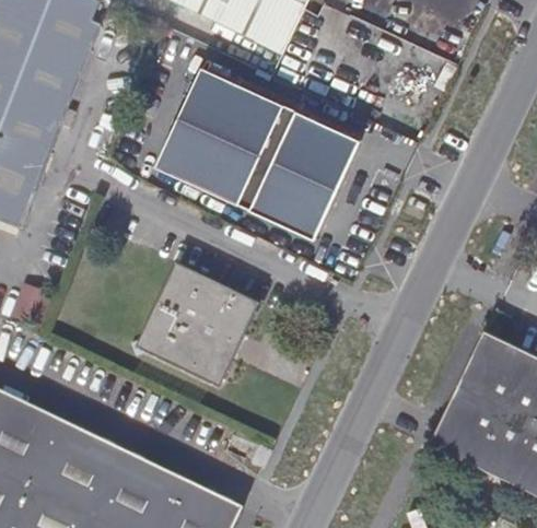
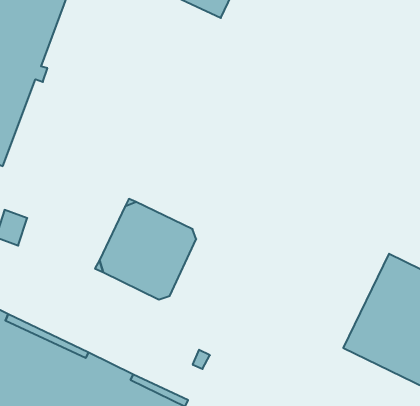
building: [154,66,360,240] -> none

